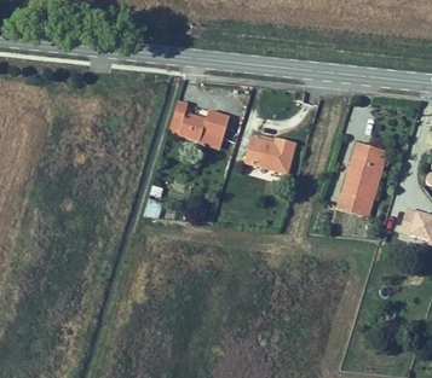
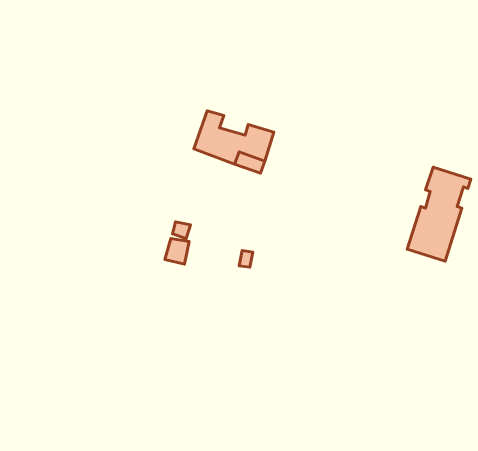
building: [246,134,296,173] -> none

